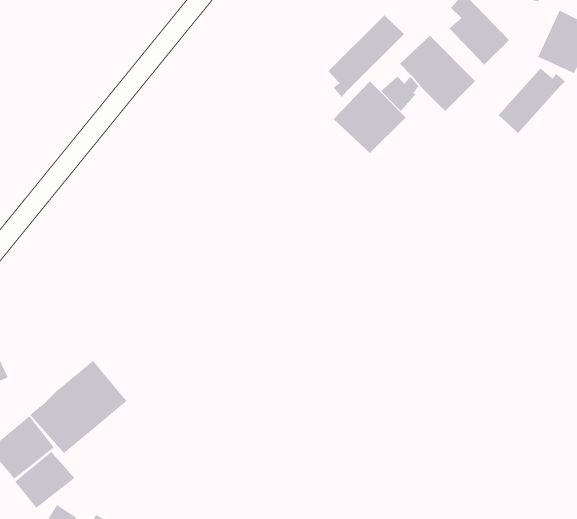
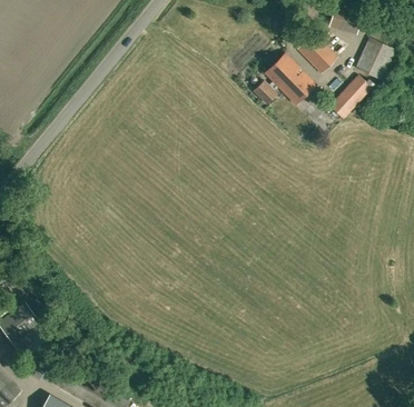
building: [327,14,405,98] -> none
building: [333,81,406,154] -> none
building: [29,360,128,454] -> none

